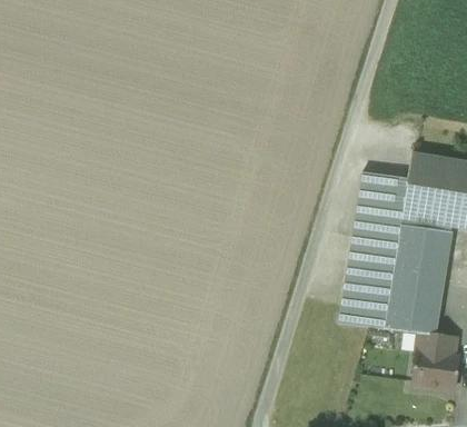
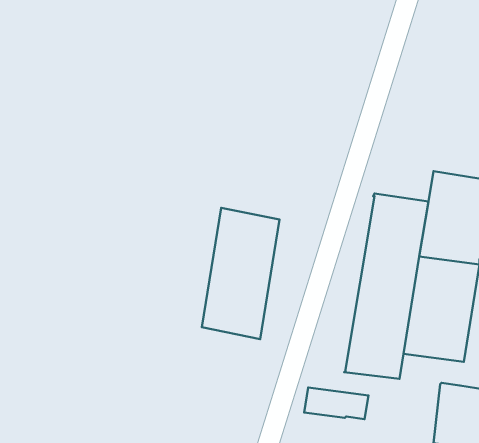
building: none -> [202,208,280,339]
building: [384,307,438,334] -> [304,388,369,419]

